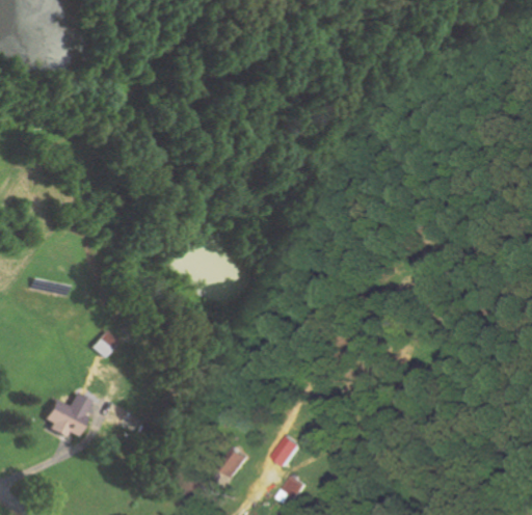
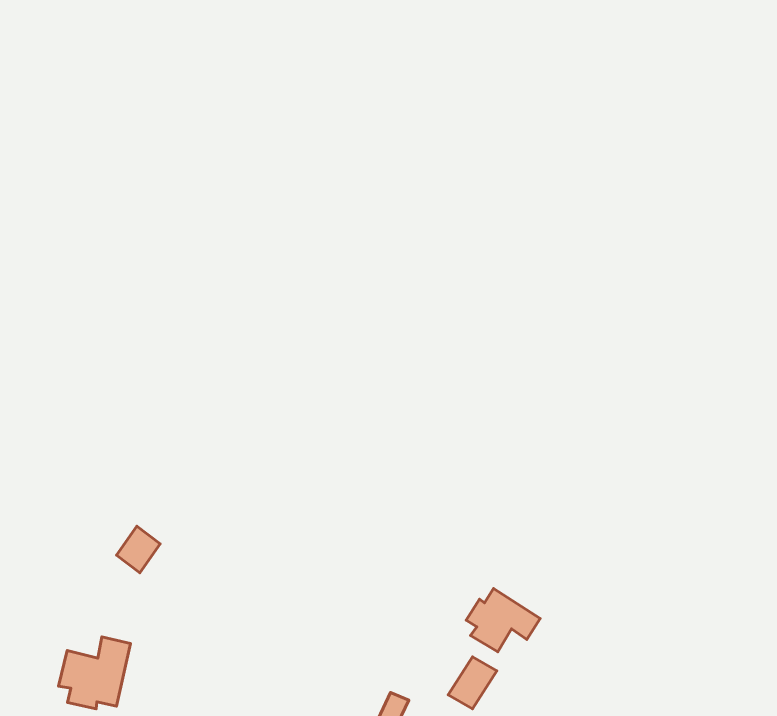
building: none -> [466,589,540,652]

